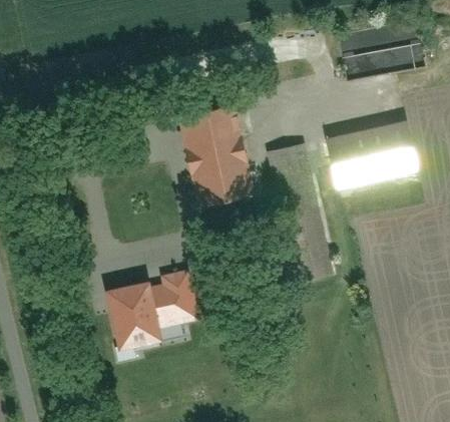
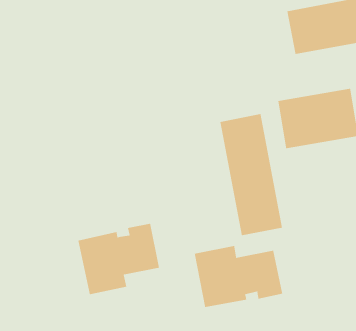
building: [176,102,255,207] -> none
building: none -> [194,245,283,308]

